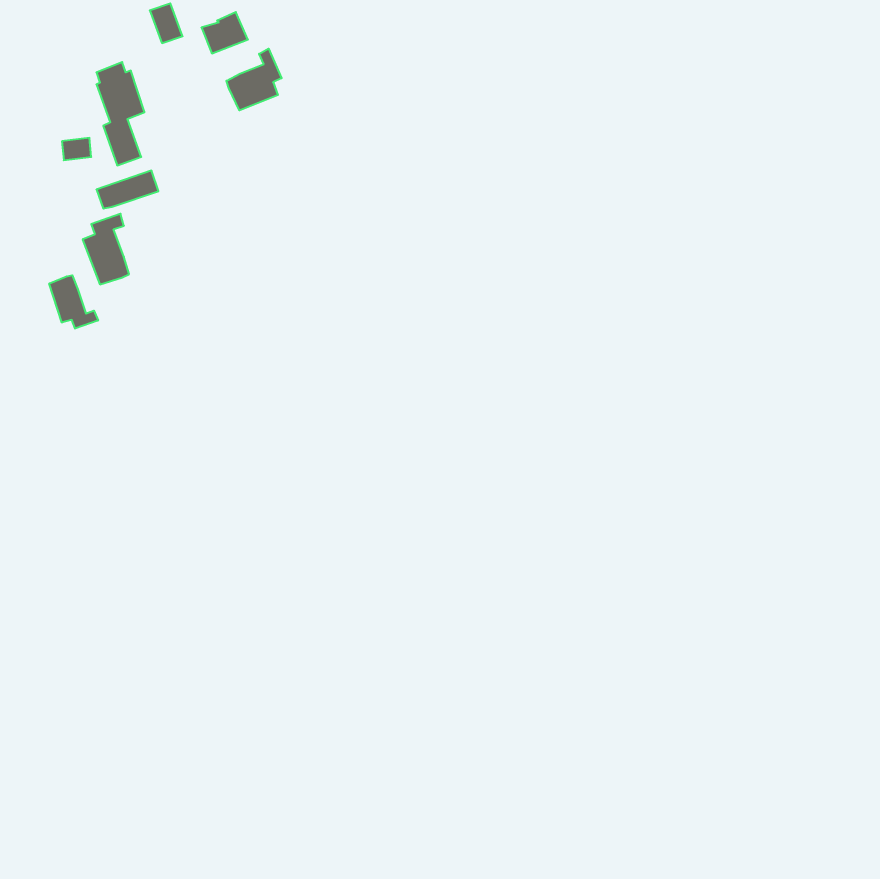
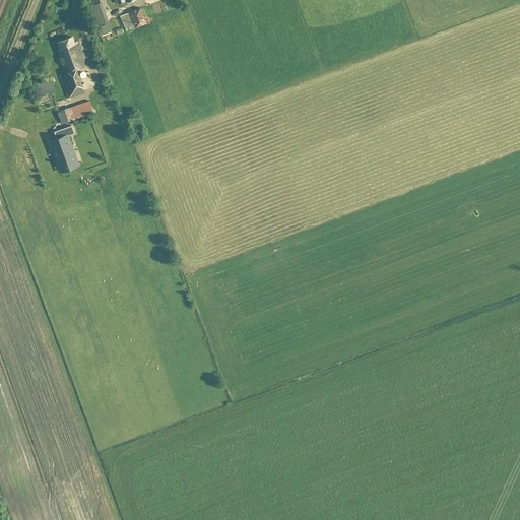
building: [226,49,282,110] -> none
building: [49,275,98,329] -> none

